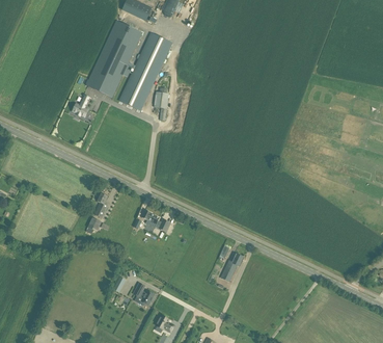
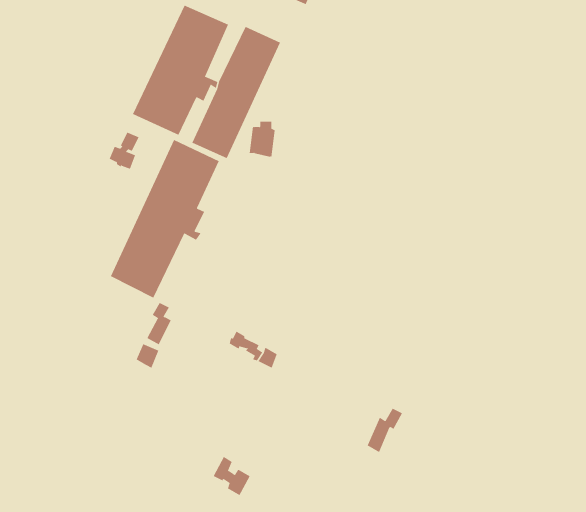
building: none -> [110,139,219,298]

